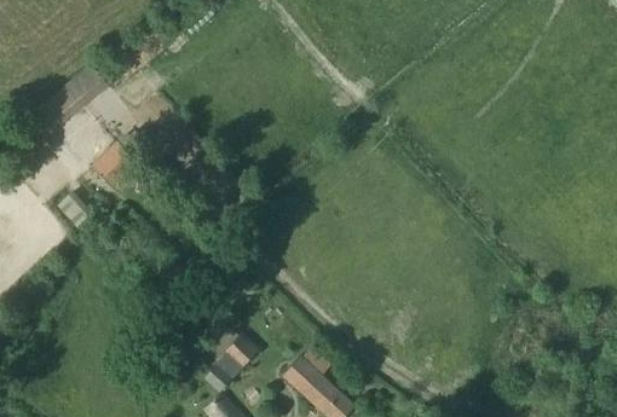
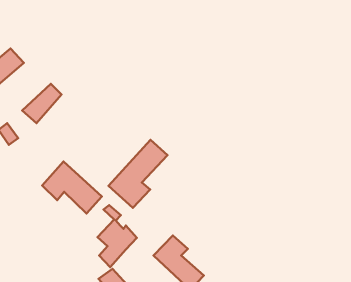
building: none -> [108,140,168,208]
building: none -> [42,162,102,213]

